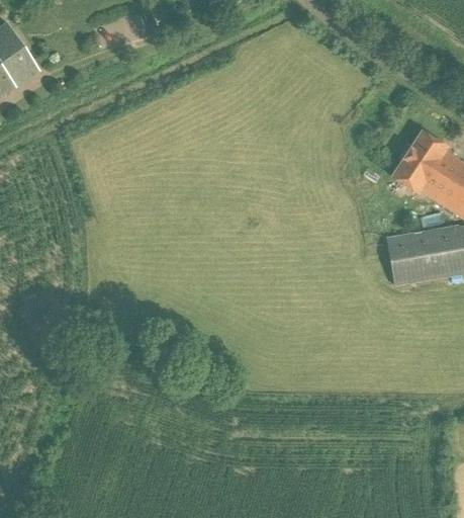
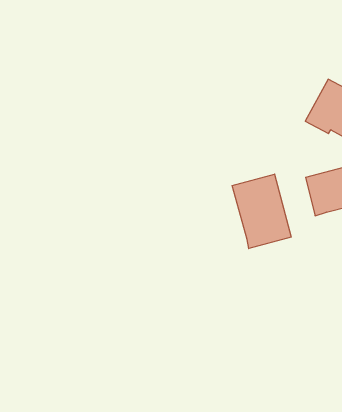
building: none -> [232,174,291,249]

